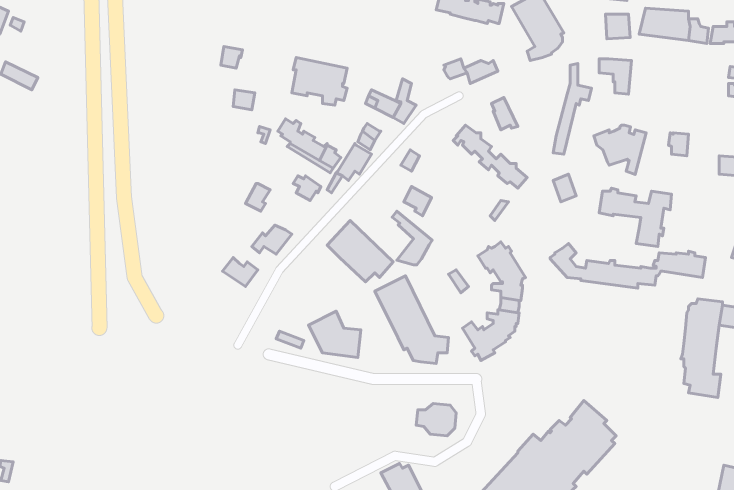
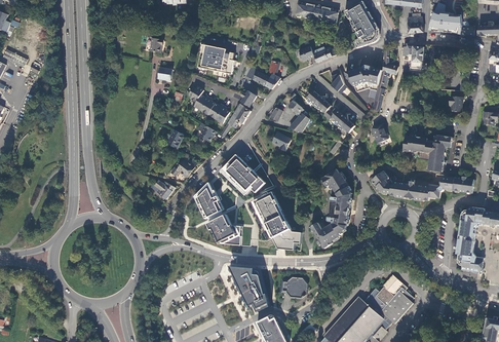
building: [594,125,646,174] -> [345,65,380,98]
building: [392,211,432,265] -> [283,96,310,131]
building: none -> [193,182,223,218]
building: none -> [229,267,269,310]

